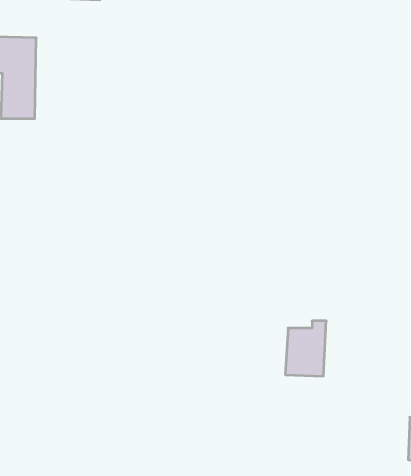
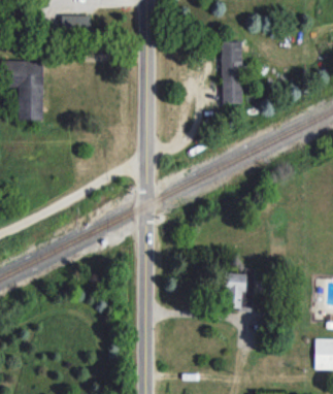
building: none -> [221,41,242,100]

